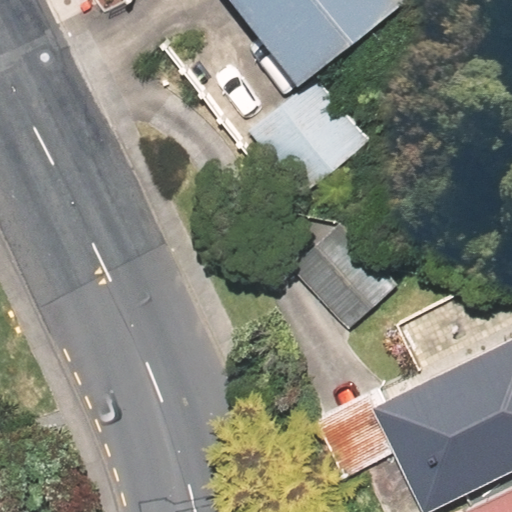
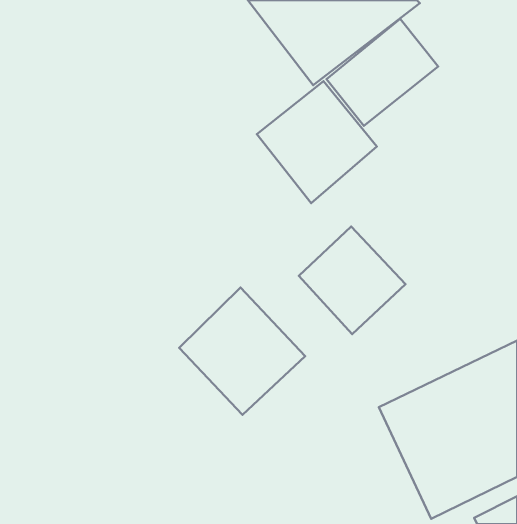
building: none -> [327,19,438,126]
building: none -> [179,288,305,415]

